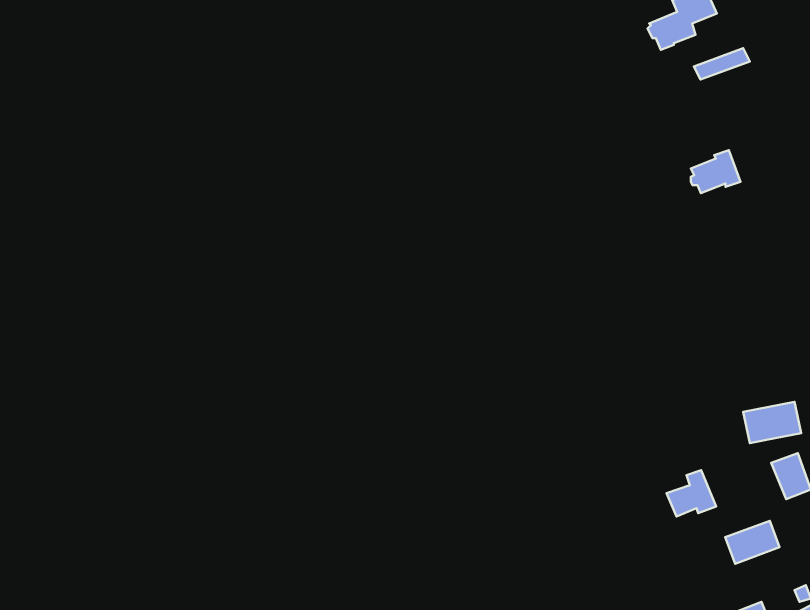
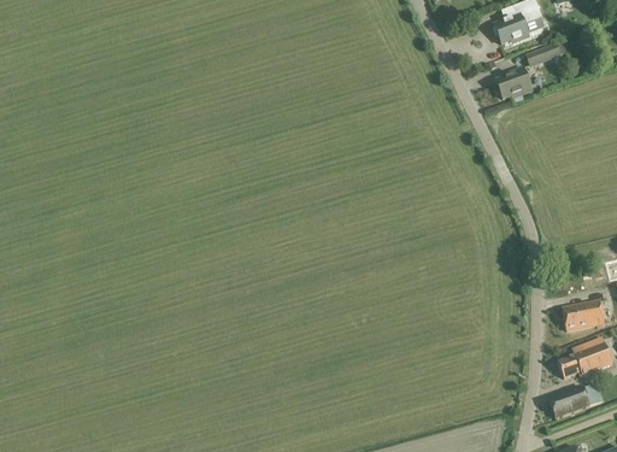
building: [691,150,741,193] -> [496,66,533,98]
building: [667,470,716,516] -> [558,344,594,377]

